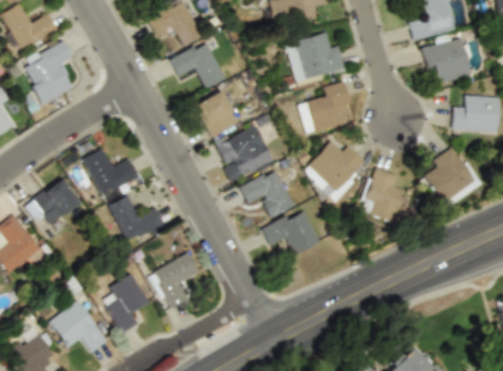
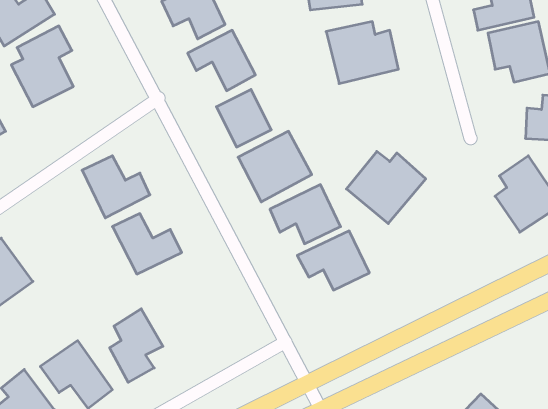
building: [299,80,352,134] -> none
building: [359,167,405,223] -> none
building: [26,178,80,227] -> none
building: [149,252,202,309] -> none

